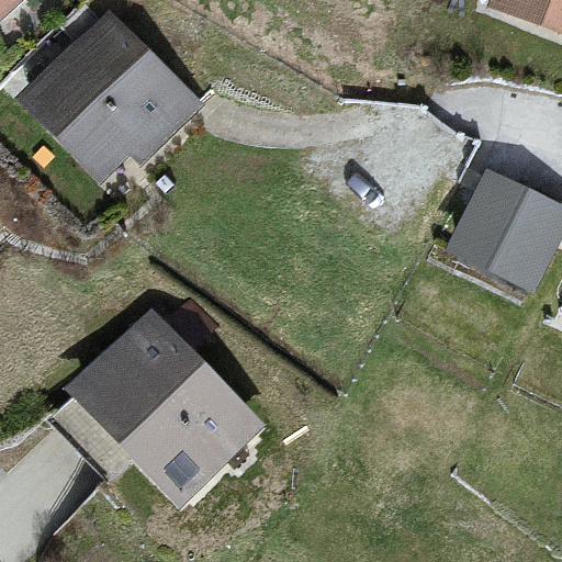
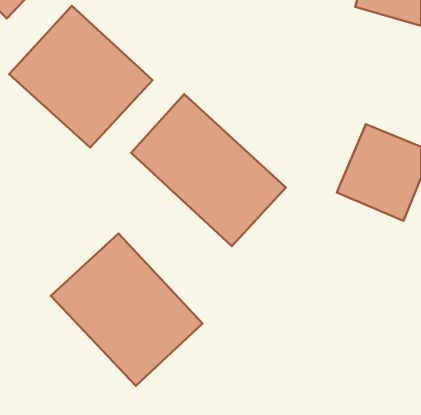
building: none -> [131,94,286,246]

